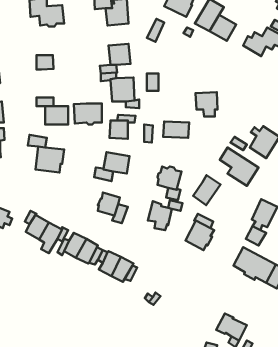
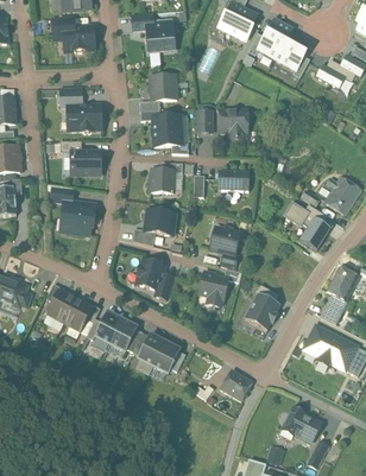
building: [196,92,218,116] -> [220,109,247,139]
building: [74,103,102,124] -> [67,104,101,131]
building: [193,175,220,205] -> none
building: none -> [220,367,253,399]

